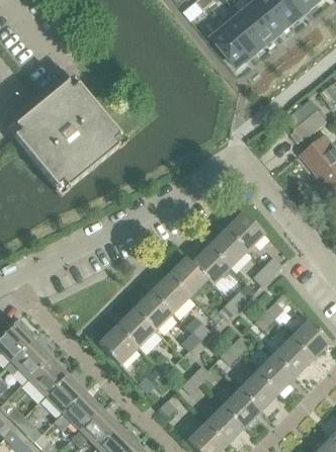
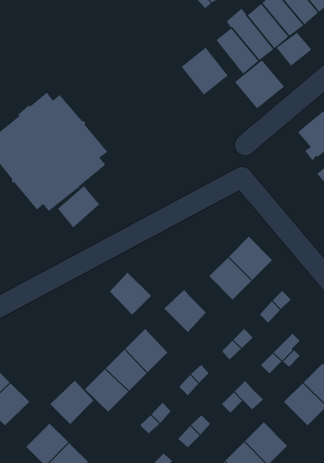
building: none -> [276,32,312,67]
building: none -> [181,47,229,95]
building: none -> [234,59,285,109]
building: none -> [57,185,100,228]
building: [190,246,228,284] -> none
building: [151,274,188,312] -> [109,272,152,316]
building: [27,356,67,395] -> [49,380,94,425]
building: [255,356,293,394] -> none

